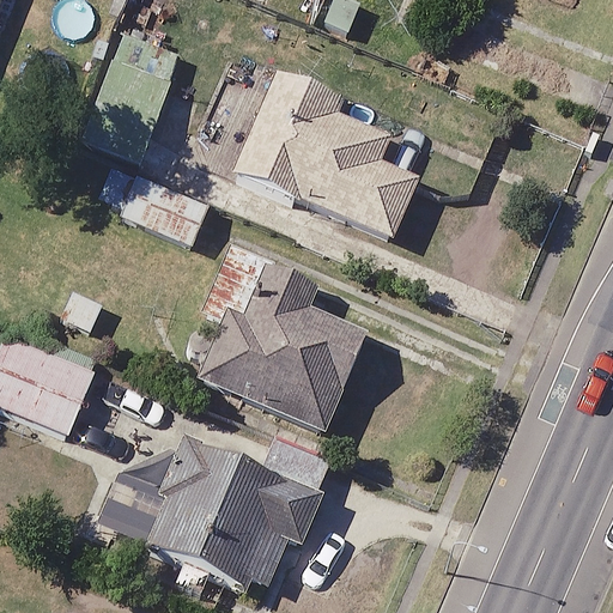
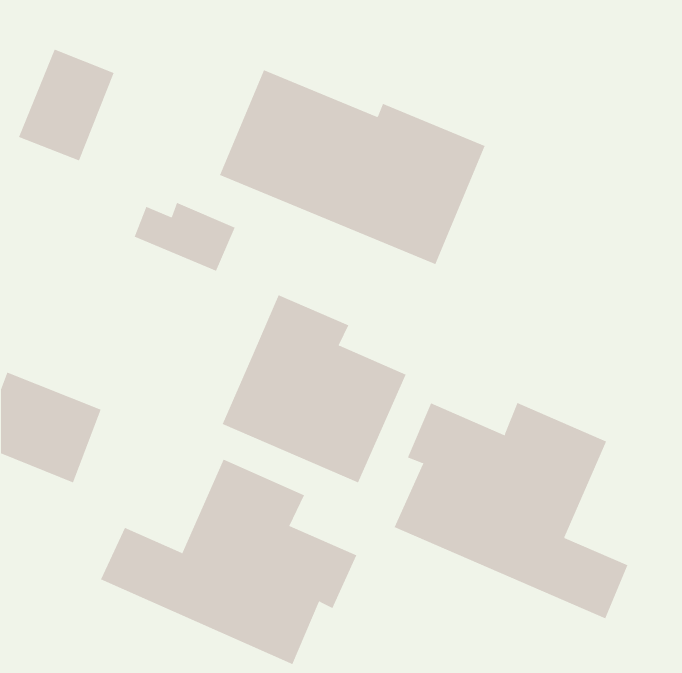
building: [84,60,170,160] -> [18,49,114,161]
building: none -> [394,402,628,619]

